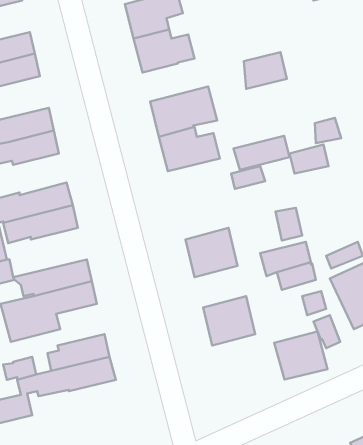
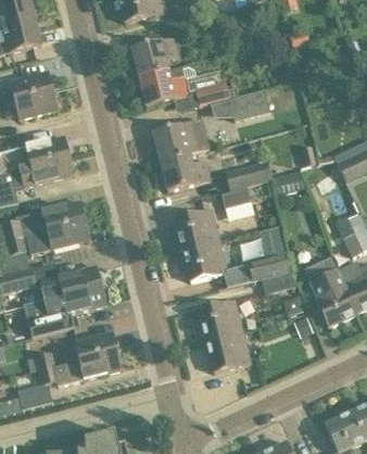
building: none -> [194,80,229,105]
building: none -> [174,209,219,250]
building: [274,331,327,379] -> [205,331,251,373]

